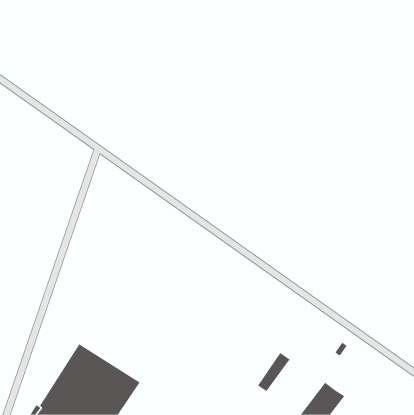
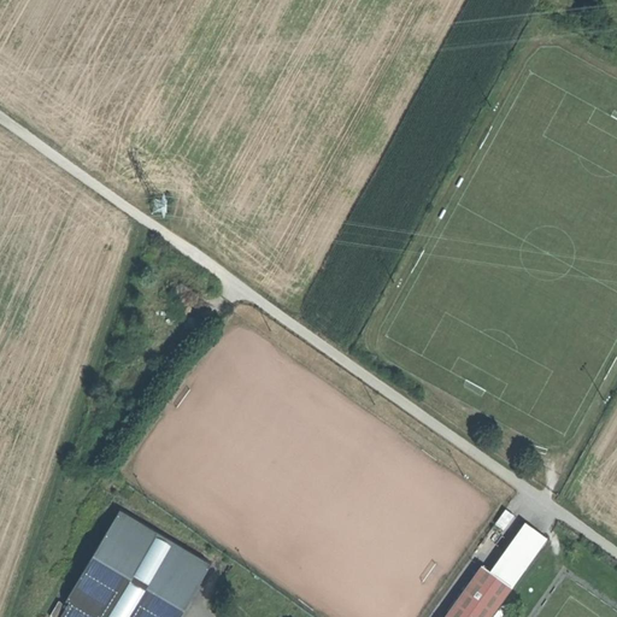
building: [257,352,291,392] -> [499,529,548,588]

